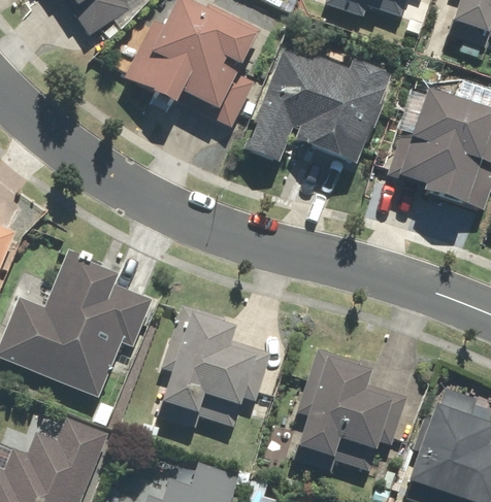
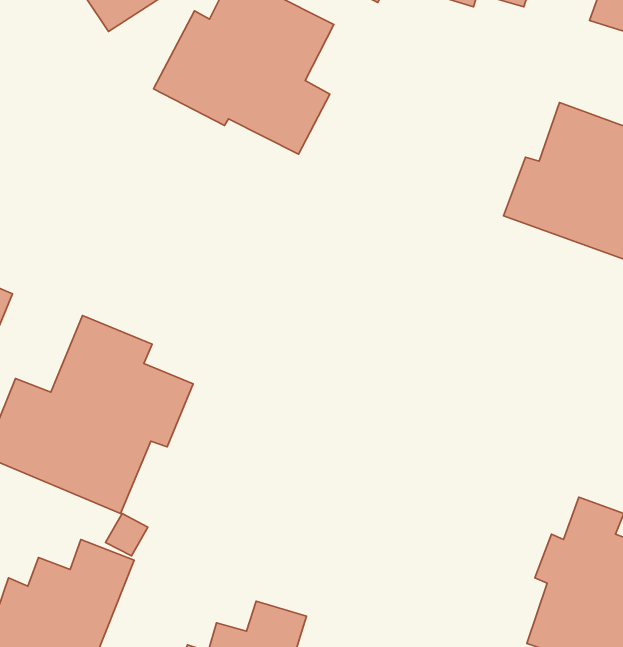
building: [246,43,390,165] -> none
building: [160,303,271,427] -> none
building: [296,347,406,471] -> none

